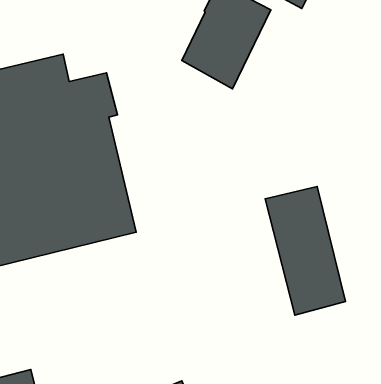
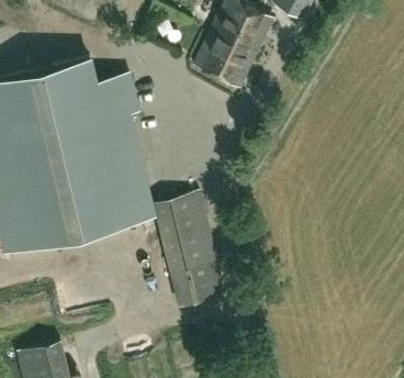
building: [265,187,345,315] -> [153,193,224,308]

